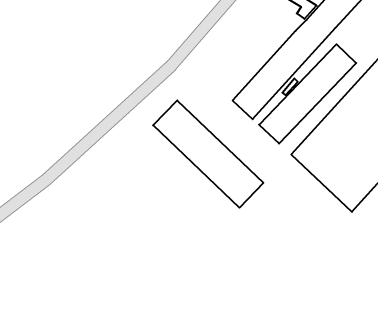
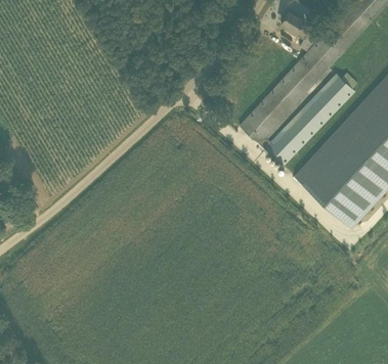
building: [153,100,263,208] -> none

